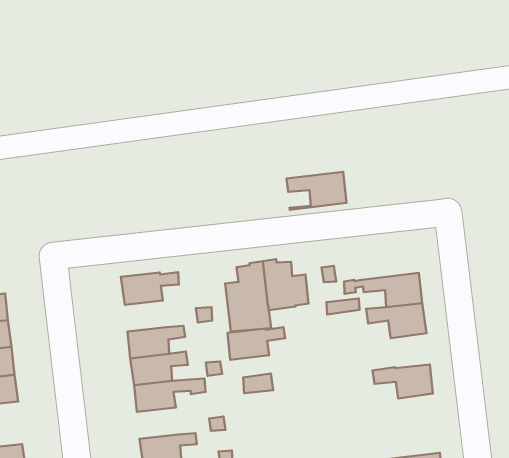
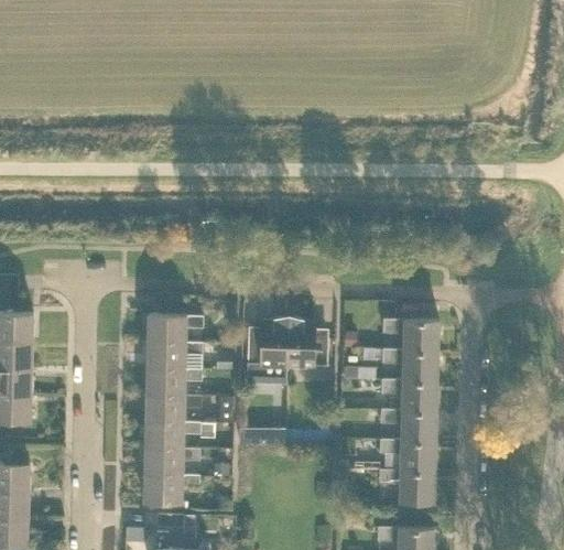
building: [286,172,347,210] -> [381,320,438,352]
building: [228,327,285,360] -> [147,342,203,369]
building: none -> [380,409,436,442]
building: none -> [378,470,434,502]
building: none -> [144,447,199,475]

